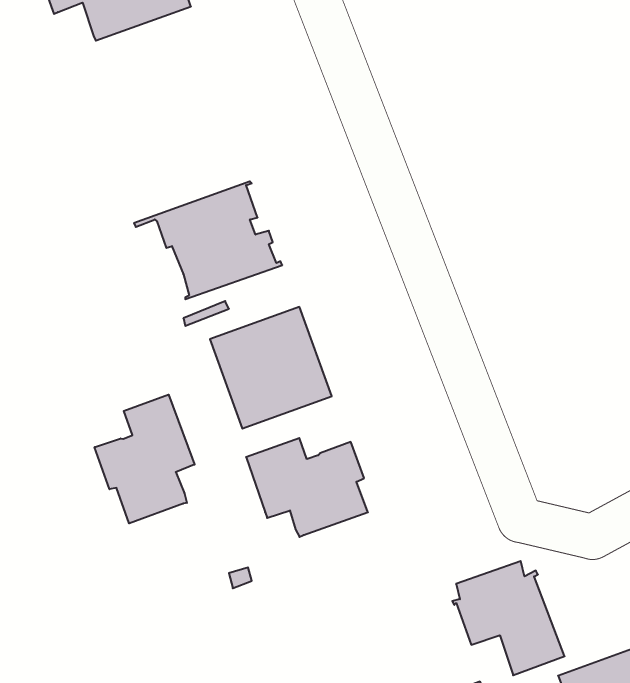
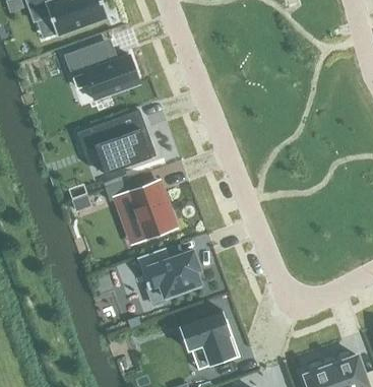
building: none -> [63,41,139,100]
building: [95,395,195,523] -> none
building: [452,561,565,675] -> [177,305,237,366]

